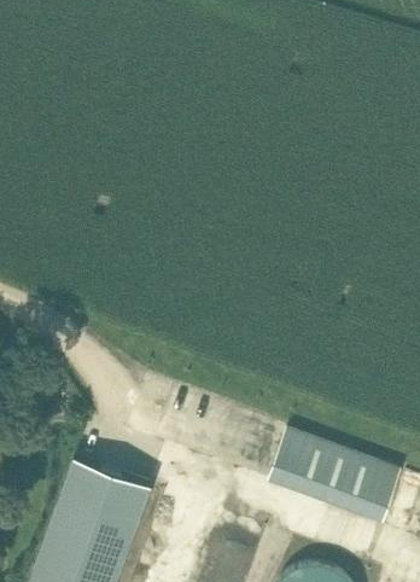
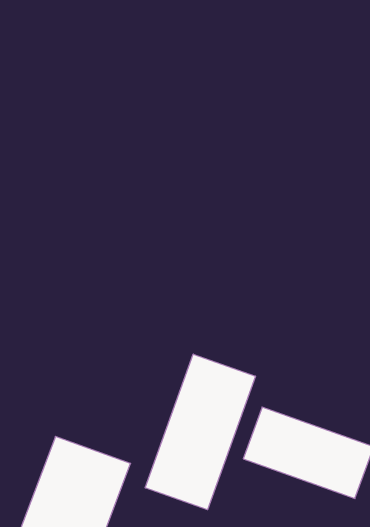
building: none -> [145,354,255,510]

